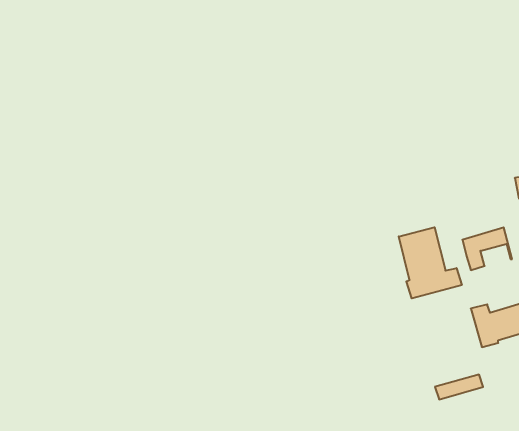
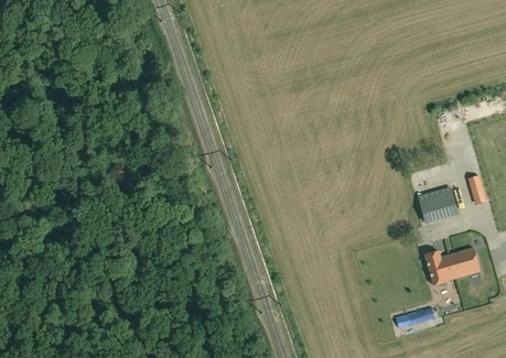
building: [399,227,462,298] -> none

